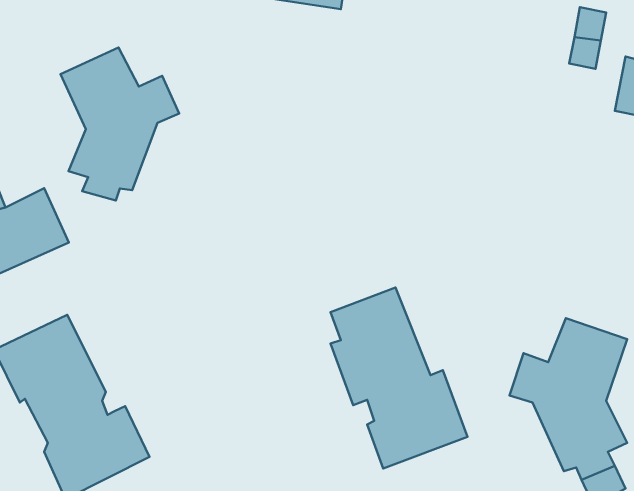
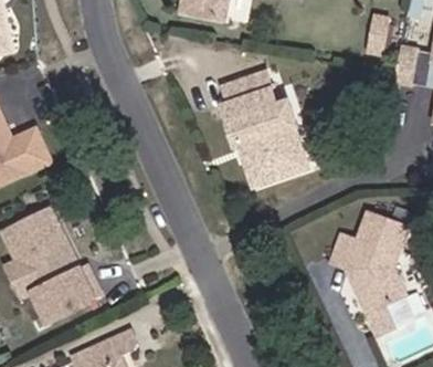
building: [60,48,179,201] -> none
building: [330,287,467,468] -> [219,80,305,193]

